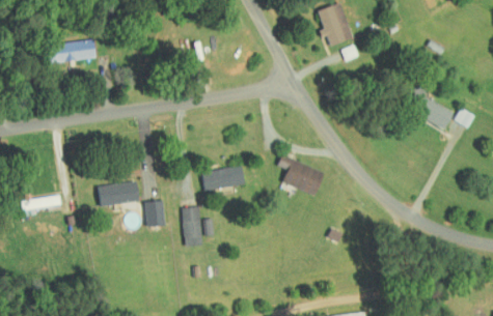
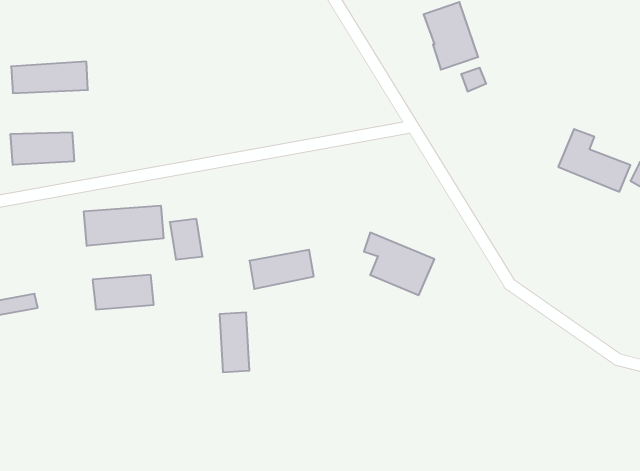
building: none -> [11,132,74,165]
building: none -> [84,206,163,246]
building: [143,200,165,227] -> [170,219,203,260]

